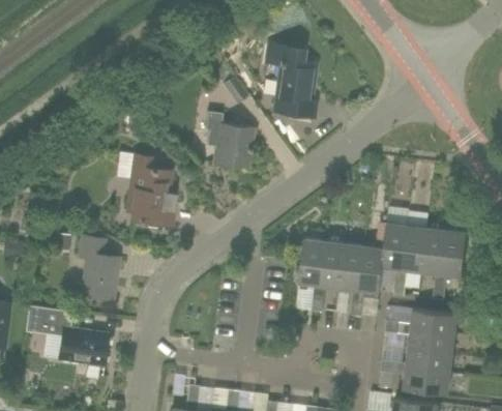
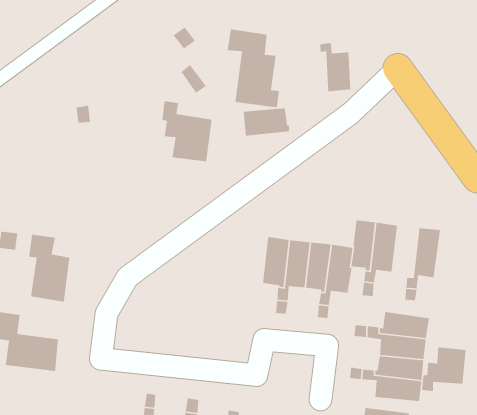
building: none -> [319,42,351,92]
building: none -> [243,107,290,137]
building: [126,154,177,228] -> none
building: [421,228,446,276] -> none
building: none -> [421,347,467,392]

